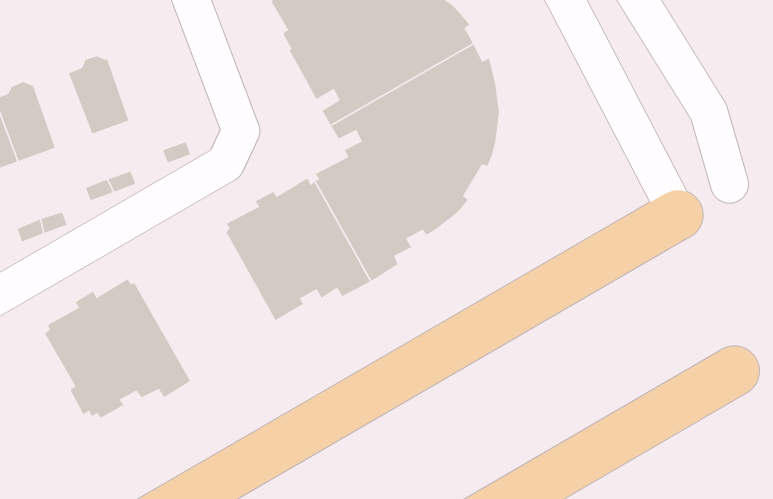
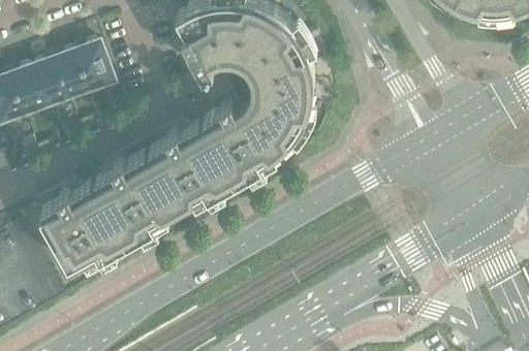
building: none -> [77,40,114,88]
building: none -> [33,59,68,104]
building: none -> [94,153,179,245]

